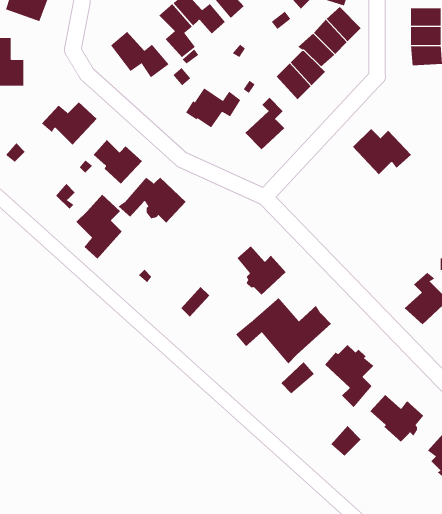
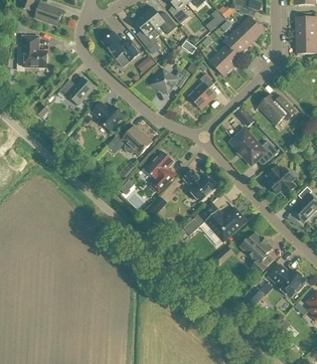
building: none -> [230,128,278,165]
building: [76,194,122,259] -> [145,150,175,192]
building: none -> [267,164,296,195]

